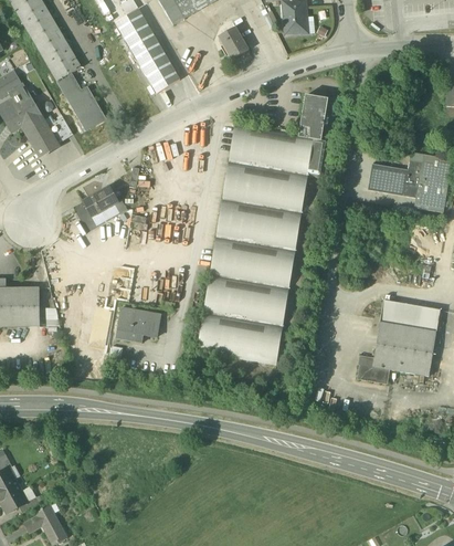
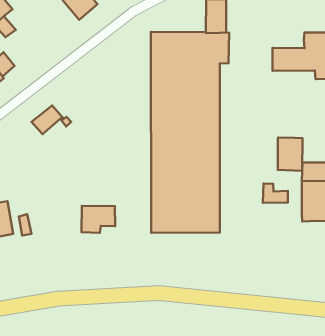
building: [68,87,105,129] -> none
building: none -> [278,137,302,171]
building: [357,356,388,382] -> [263,184,288,203]

